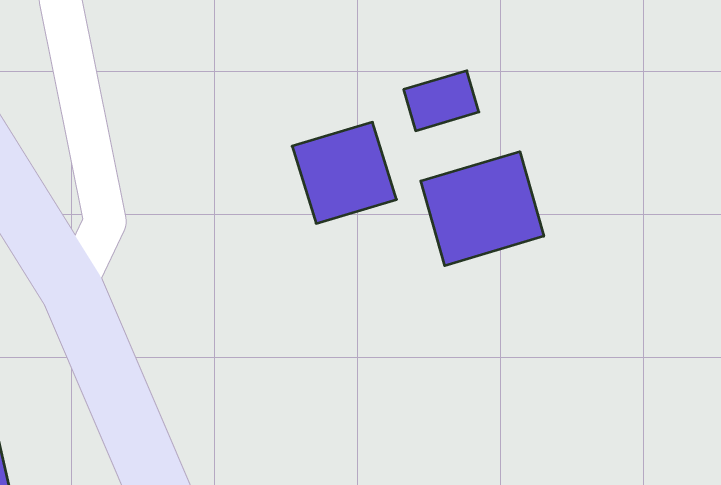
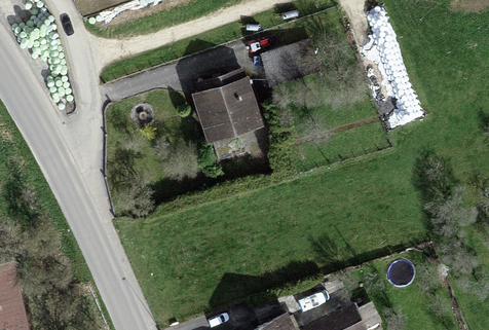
building: [421,152,544,266] -> none

